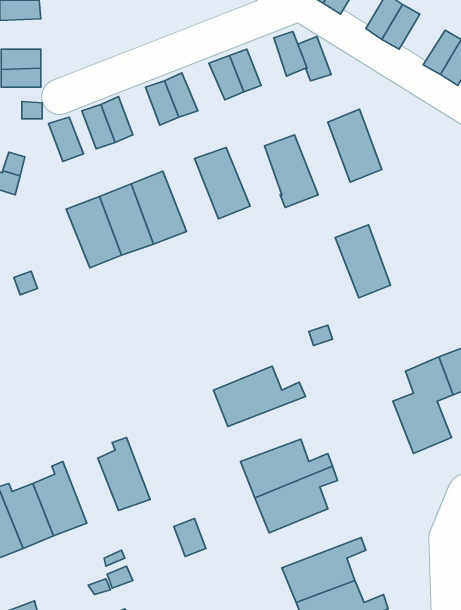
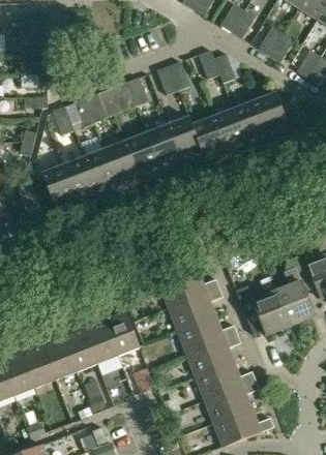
building: none -> [255,92,301,140]
building: none -> [168,117,204,163]
building: none -> [126,132,162,180]
building: none -> [36,165,79,212]
building: [335,225,391,298] -> [212,109,248,156]
building: none -> [236,285,290,334]
building: none -> [169,287,223,330]
building: none -> [102,311,140,355]
building: none -> [61,328,97,370]
building: none -> [196,361,256,399]

